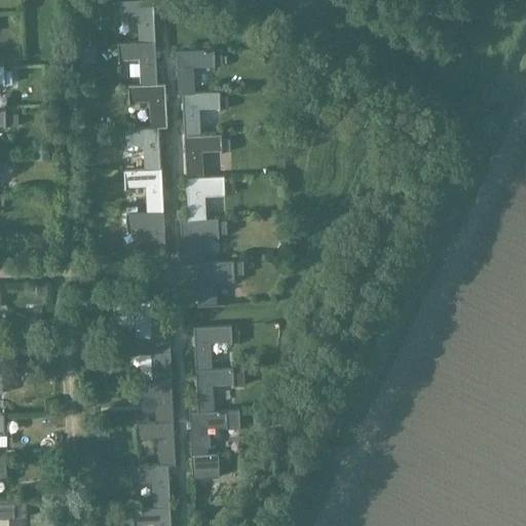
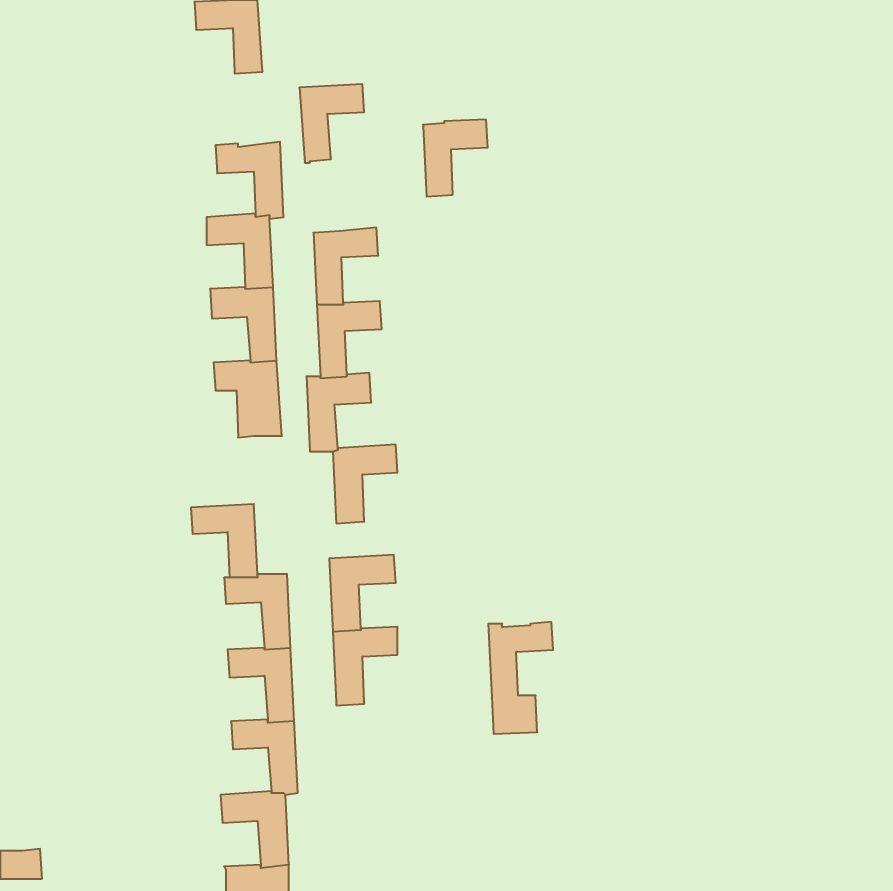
building: [117,44,157,88] -> none
building: [183,93,221,139] -> [423,120,488,197]
building: [190,413,228,479] -> [488,622,553,734]

